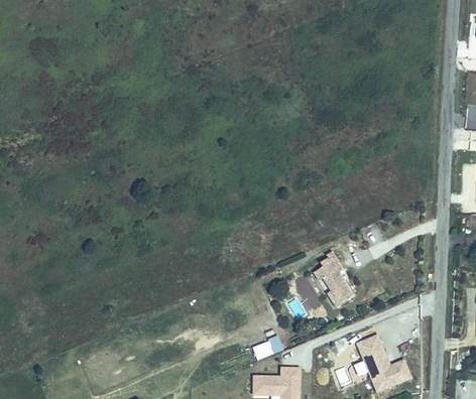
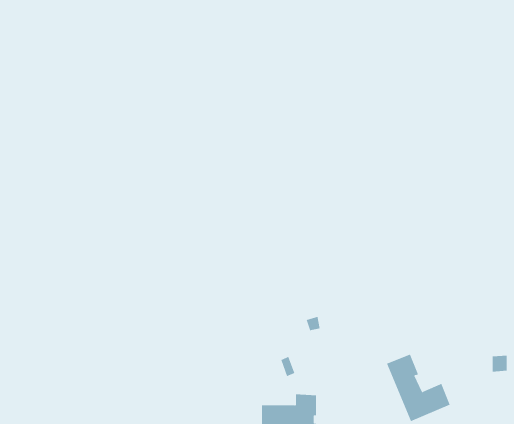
building: [314,250,354,306] -> none

